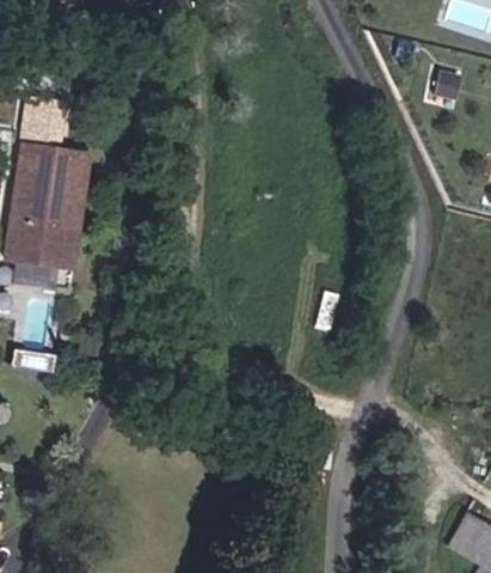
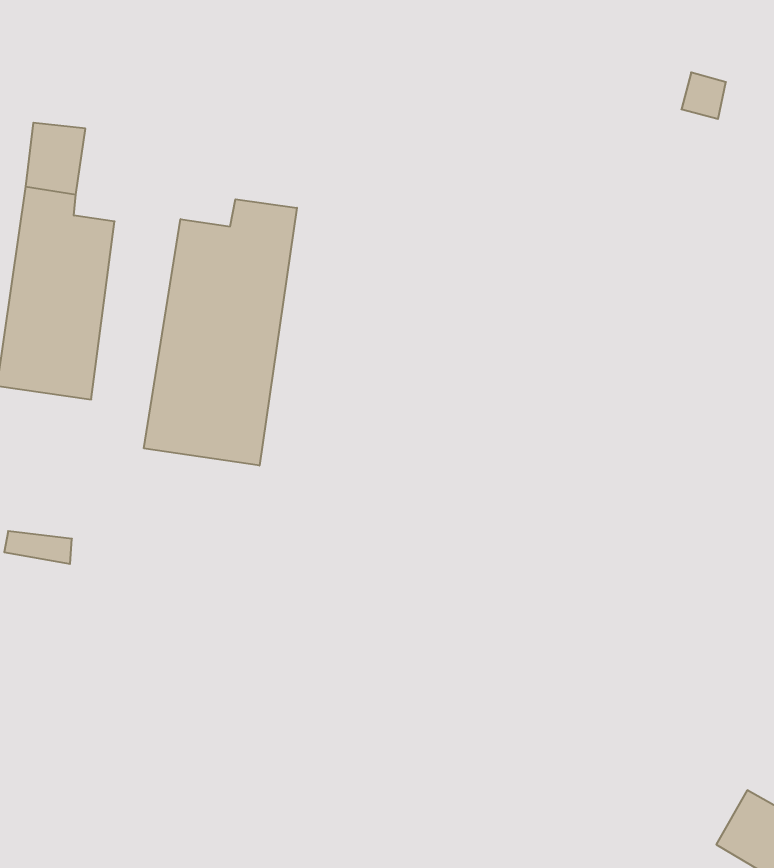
building: none -> [144,199,297,466]

